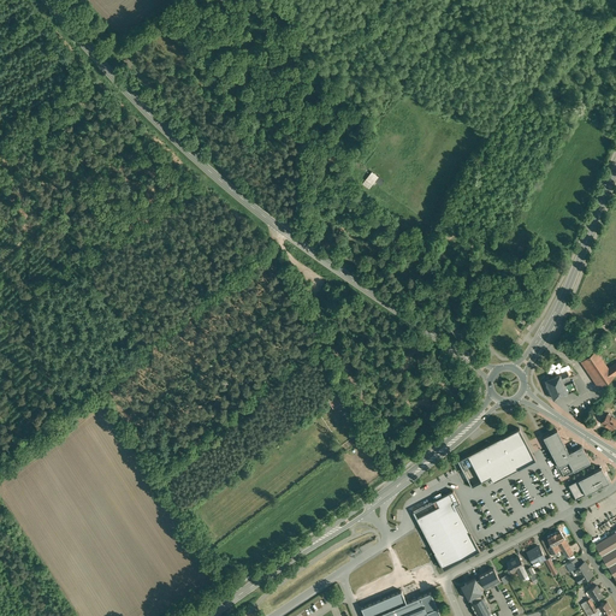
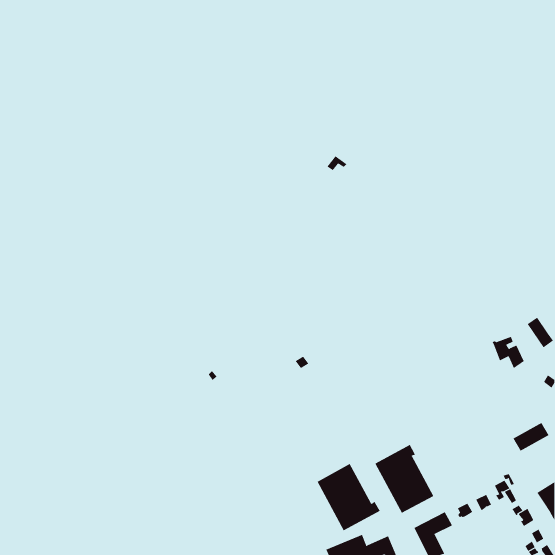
building: [458,430,535,488] -> none
building: [541,431,588,476] -> none
building: none -> [317,463,380,531]

